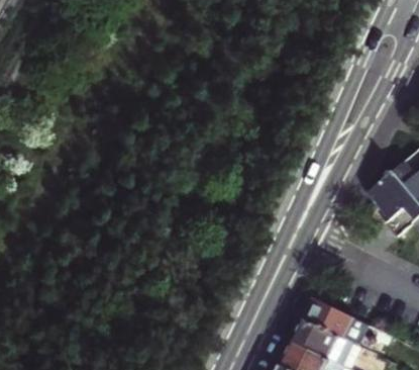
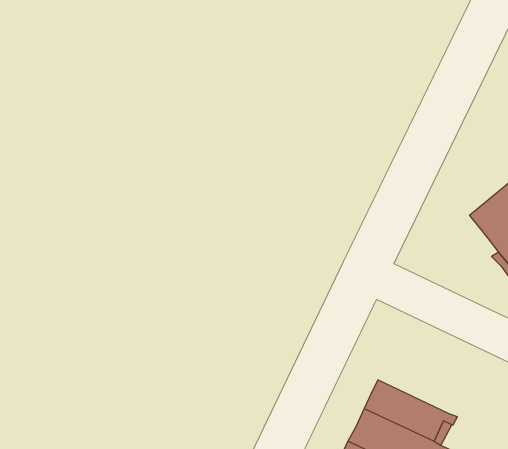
building: [302,295,375,342] -> none

